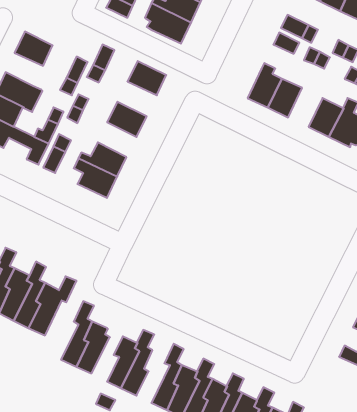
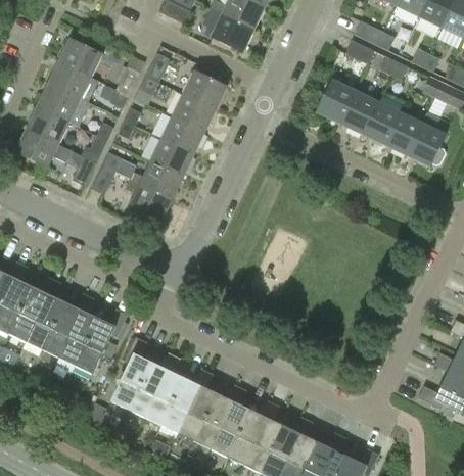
building: none -> [48,61,98,102]
building: none -> [172,93,216,132]
building: none -> [361,100,399,143]
building: none -> [150,138,193,177]
building: none -> [143,351,180,425]
building: none -> [193,390,230,448]

